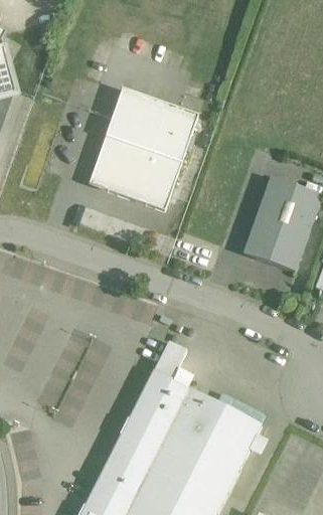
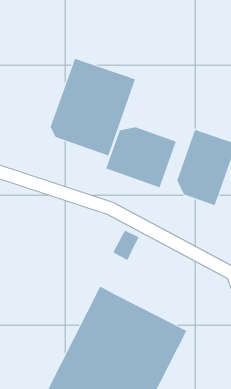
building: none -> [105,127,177,188]
building: [153,342,186,380] -> [112,230,139,261]

